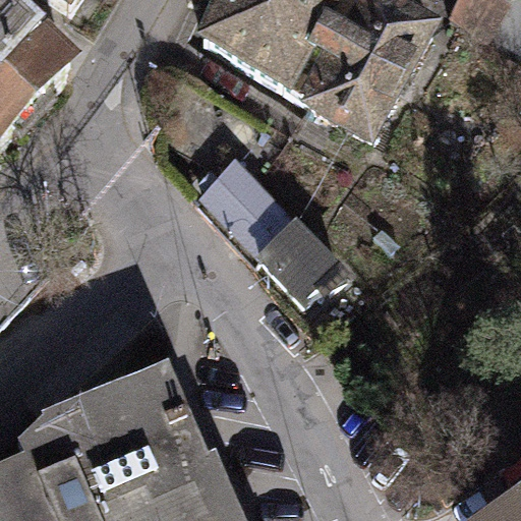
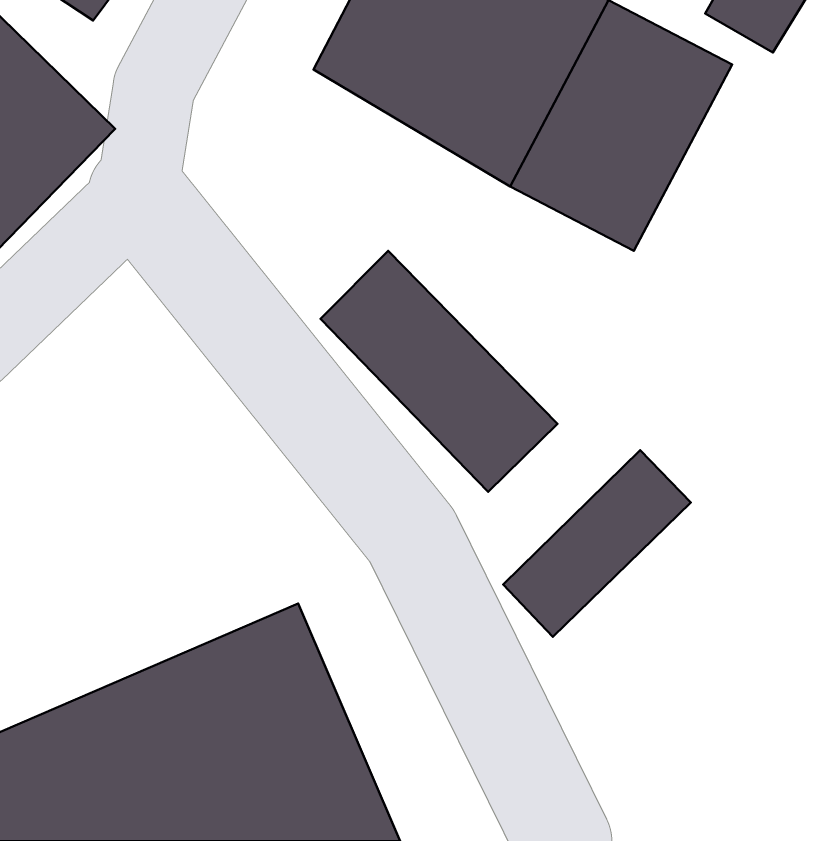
building: none -> [503,450,691,637]

